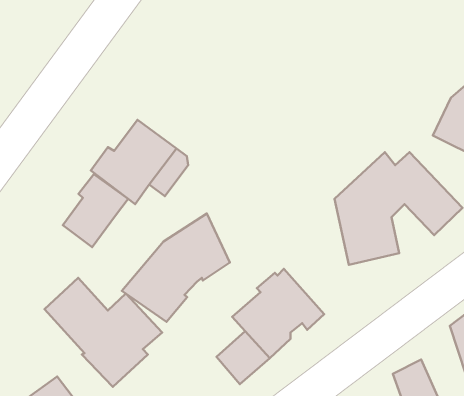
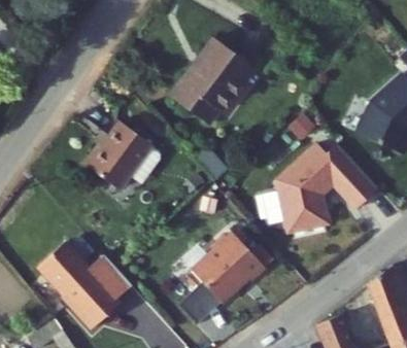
building: none -> [162,32,245,115]
building: [63,174,128,247] -> none
building: [122,213,230,322] -> none

